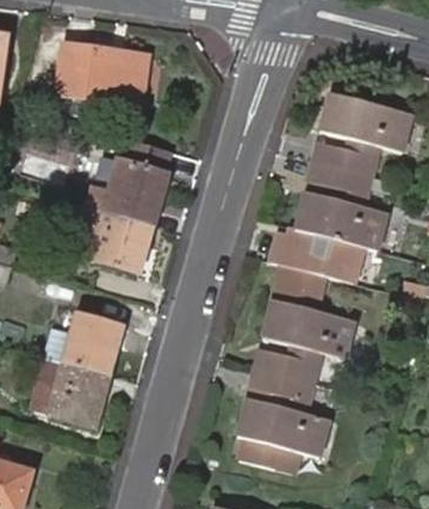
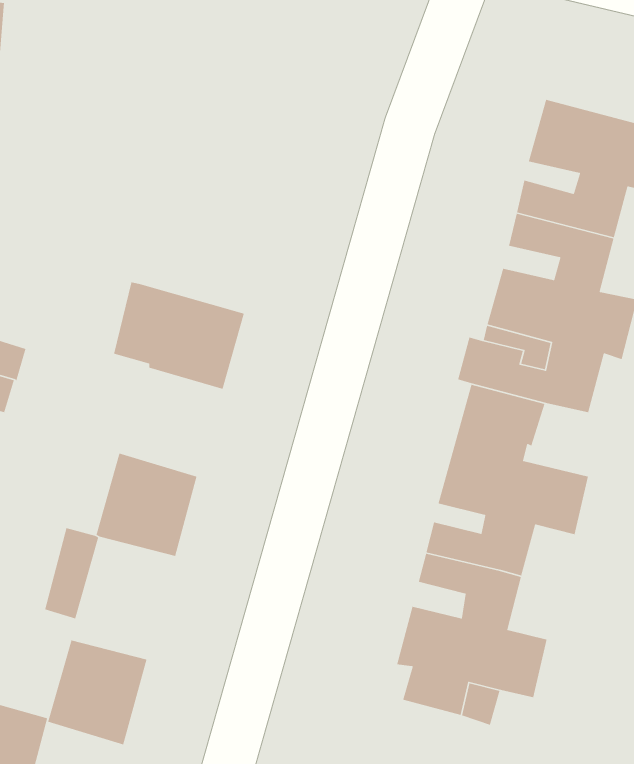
building: [58,43,145,103] -> none
building: [86,137,166,224] -> none
building: [46,360,107,424] -> [47,639,147,746]

